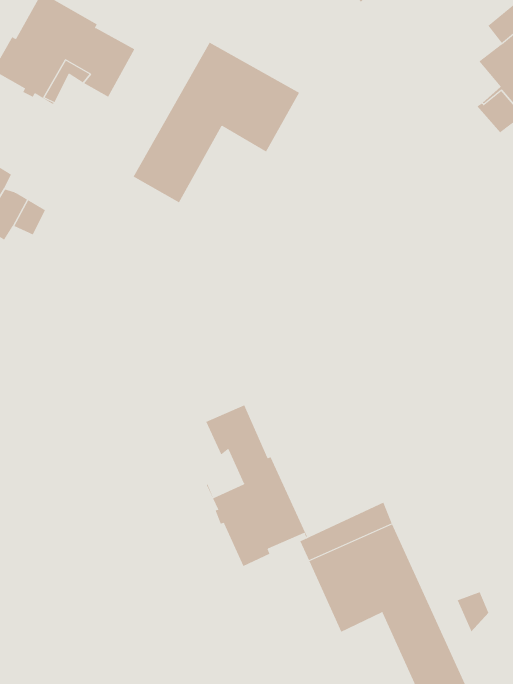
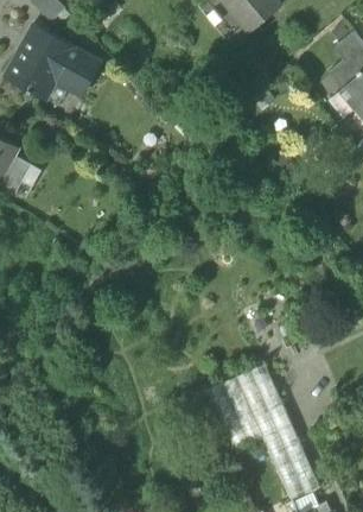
building: [133,42,300,203] -> none
building: [206,405,308,567] -> none

